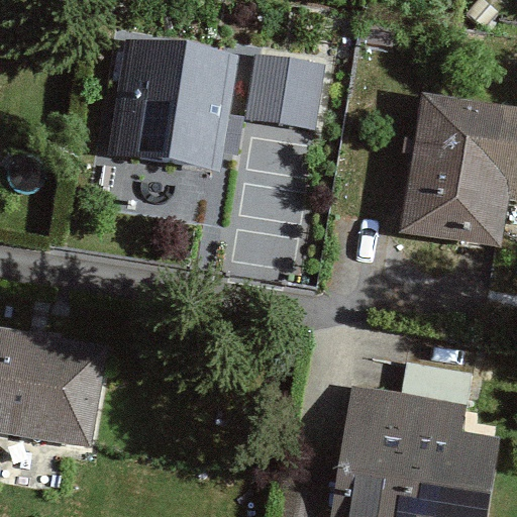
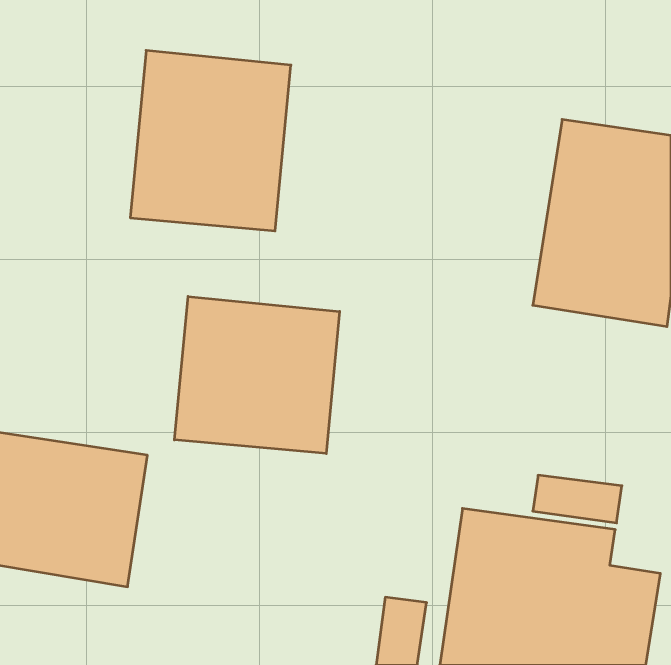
building: [231,57,308,125] -> none
building: none -> [174,296,340,454]

